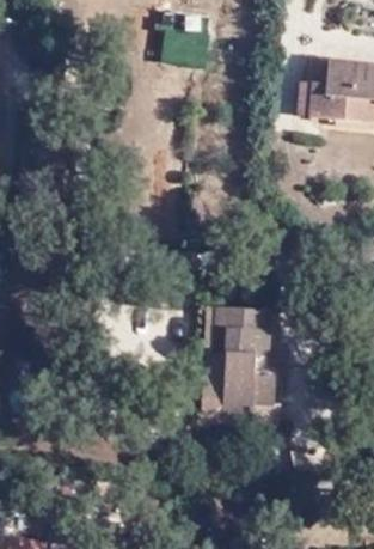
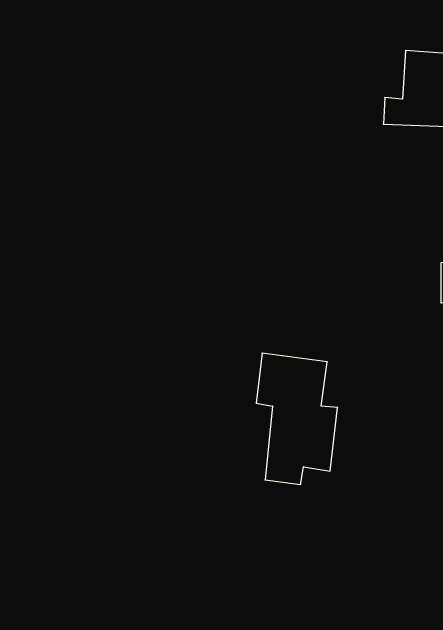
building: [301,61,332,122] -> none

